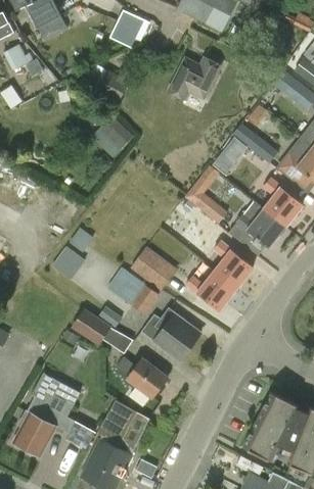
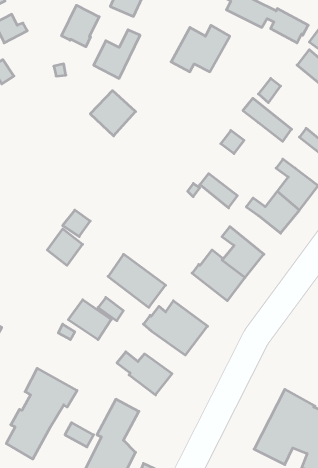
building: none -> [62,5,99,47]
building: [131,247,177,291] -> none

